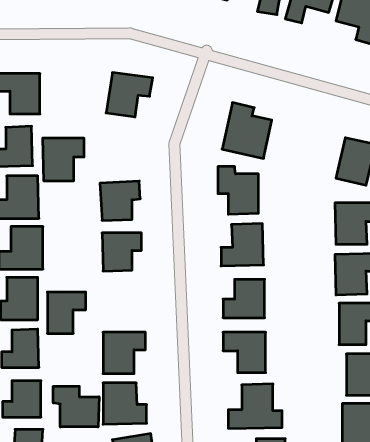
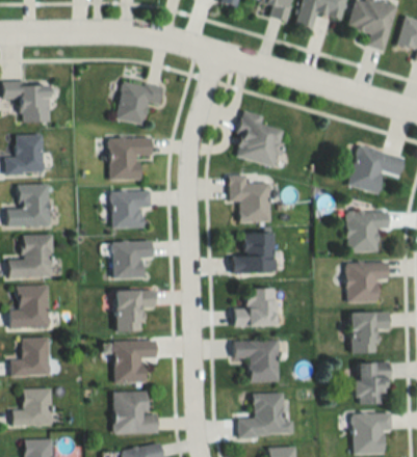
building: [43,138,84,181] -> [109,137,151,180]
building: [47,292,86,333] -> [115,290,154,331]
building: [53,386,99,427] -> none

